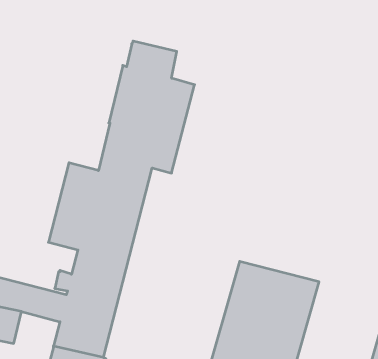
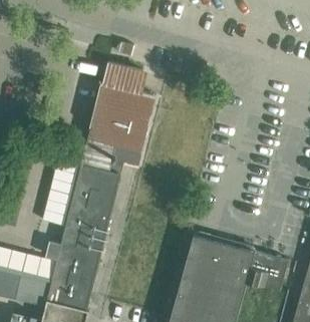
building: none -> [15,275,51,305]

